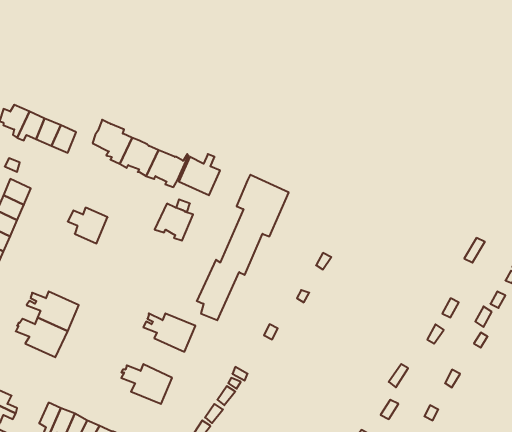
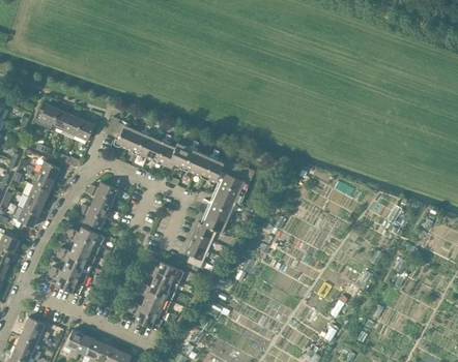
building: [155,204,193,241] -> [194,153,223,181]
building: none -> [79,202,109,229]
building: none -> [64,227,104,255]
building: none -> [136,280,175,310]

